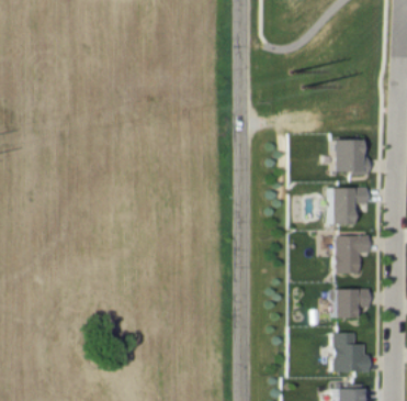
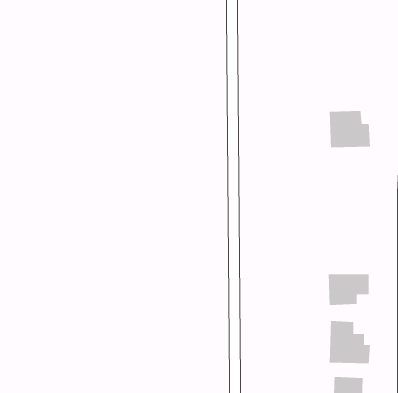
building: [331,187,369,224] -> none
building: [337,235,371,274] -> none

